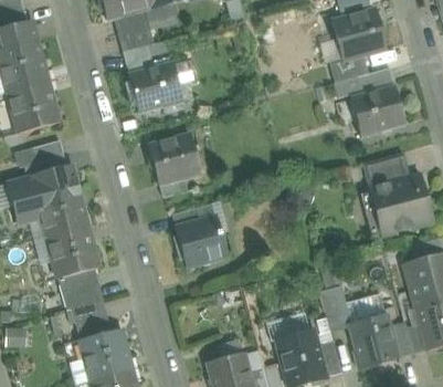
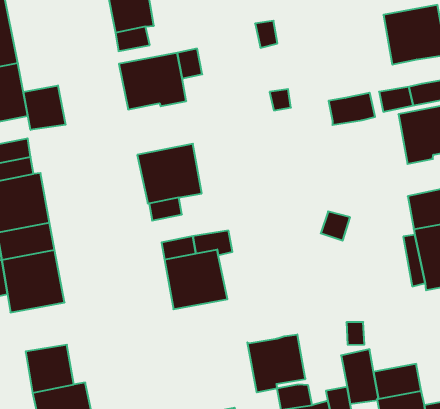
building: [330,54,368,82] -> [329,93,375,125]
building: none -> [23,85,66,130]
building: [57,268,104,310] -> none
building: none -> [247,334,305,392]

